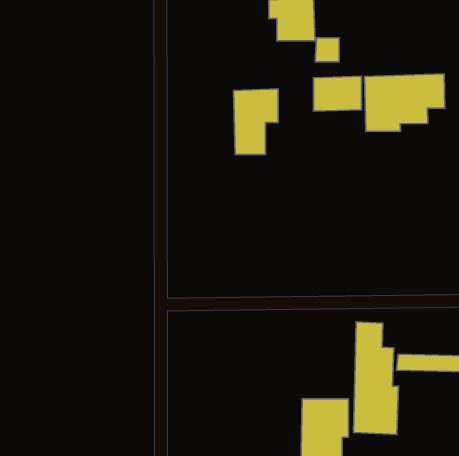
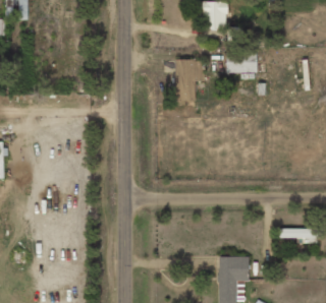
building: [365,74,445,132] -> none
building: [354,322,398,435] -> none

